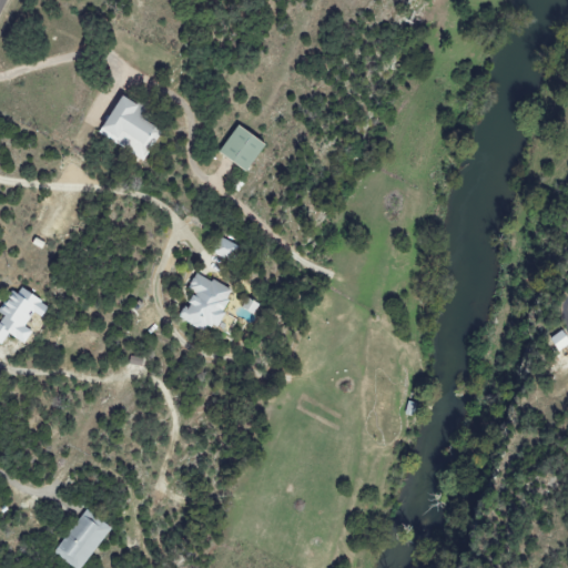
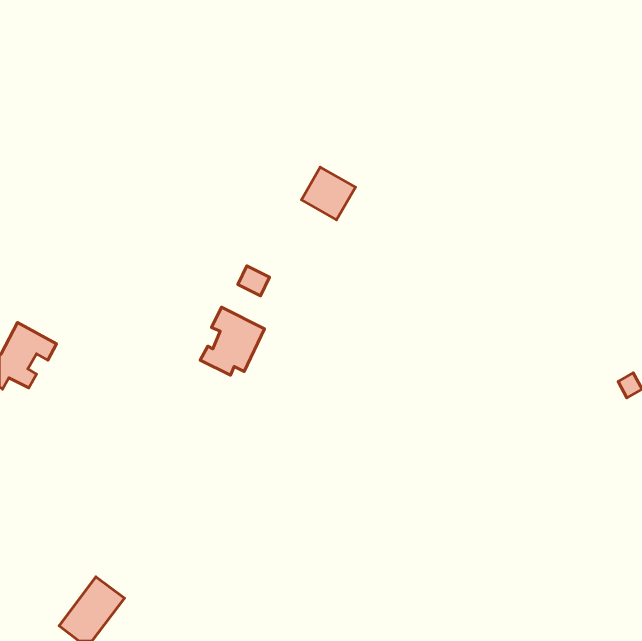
building: [100,93,162,159] -> none
building: [219,123,266,170] -> [301,167,356,220]

